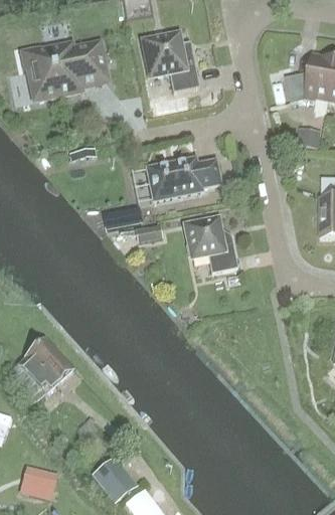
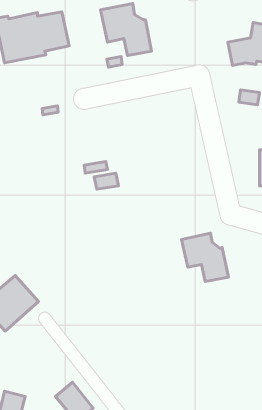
building: [145,156,219,200] -> none
building: [184,217,236,272] -> [182,233,228,282]

